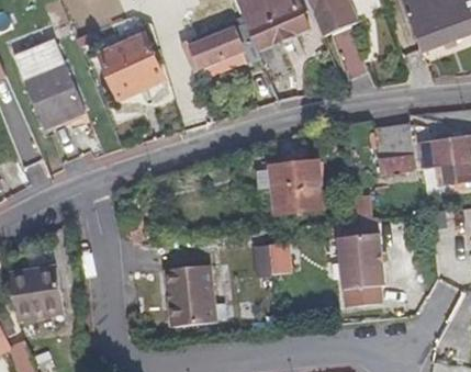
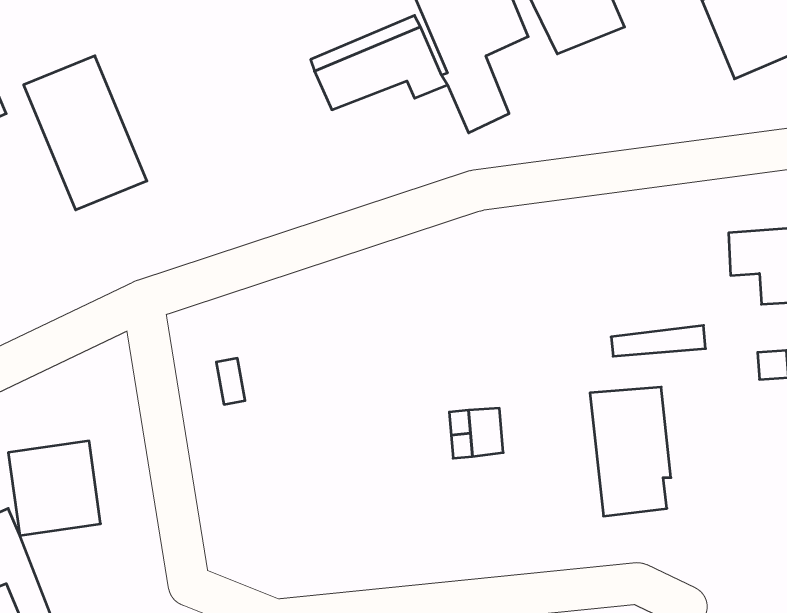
building: [102,37,165,98] -> none
building: [374,123,410,169] -> none
building: [266,160,319,212] -> none
building: [167,260,218,323] -> none

